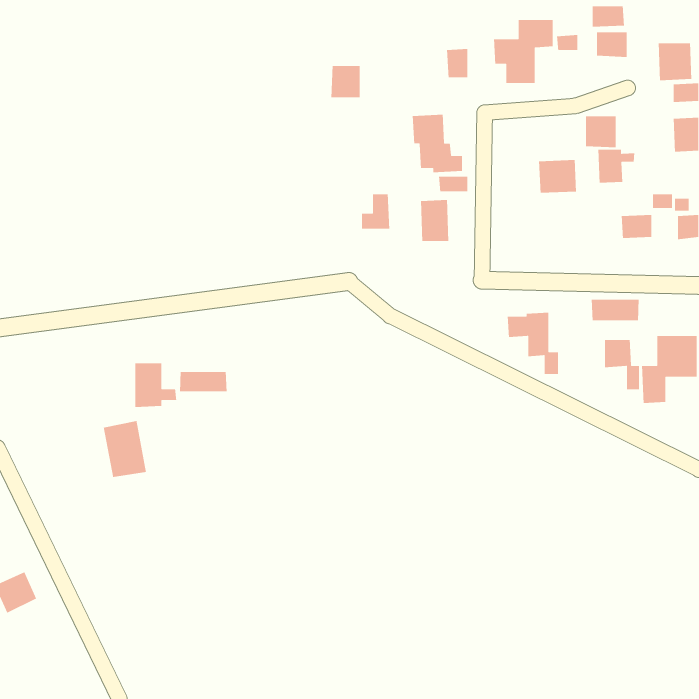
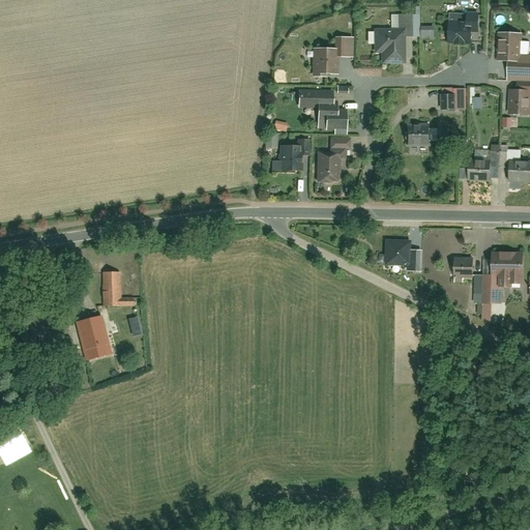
building: [330,65,361,98] -> [311,49,333,73]
building: [597,149,635,183] -> none
building: [591,299,639,321] -> none
building: [179,371,227,392] -> none

